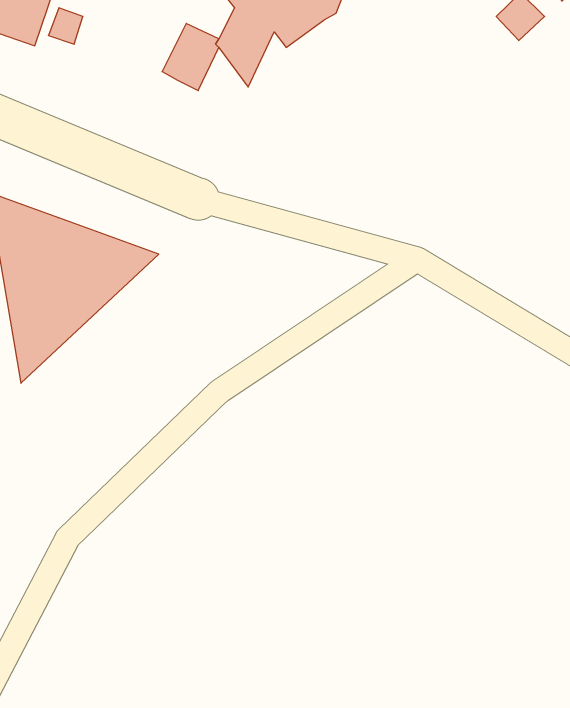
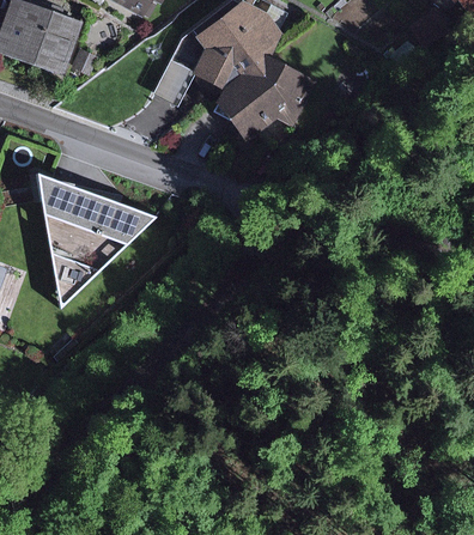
building: none -> [215,55,317,142]

